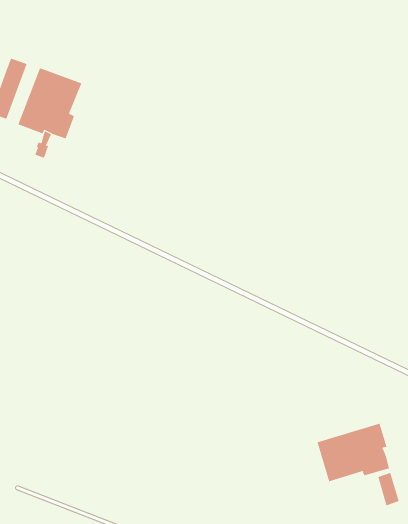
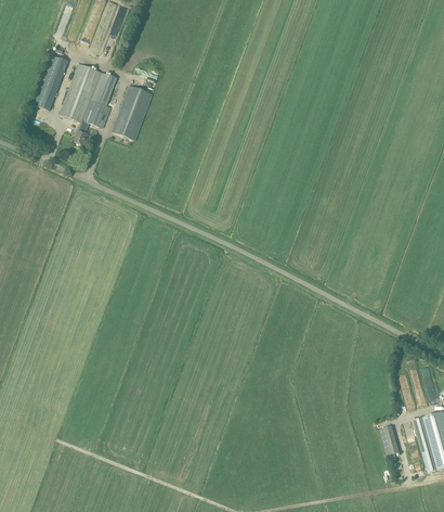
building: none -> [113,85,152,139]
building: [317,423,390,482] -> none

